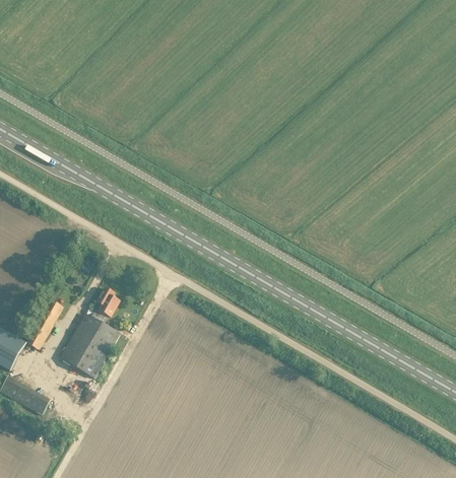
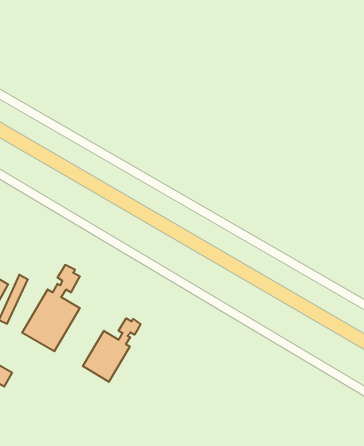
building: none -> [83,318,140,382]

